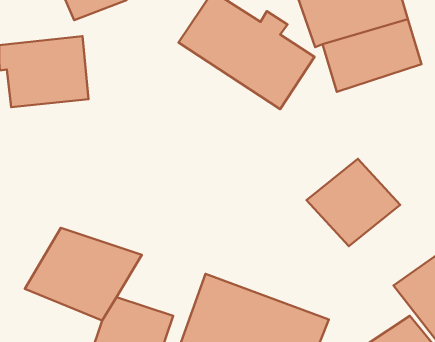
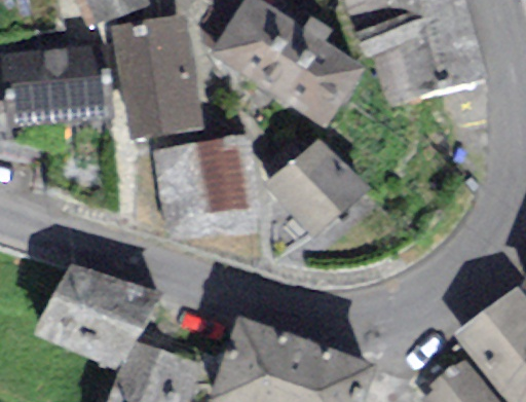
building: none -> [113,16,198,139]
building: none -> [152,135,259,222]
building: [307,159,400,246] -> [262,137,369,236]

